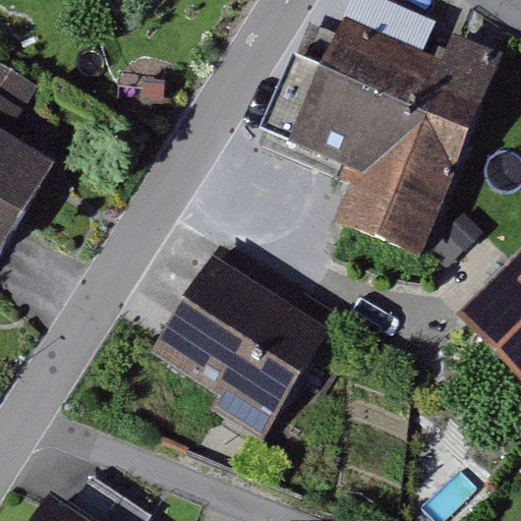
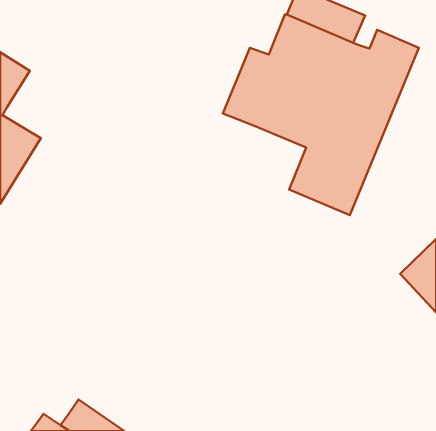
building: [151,232,328,425] -> none

